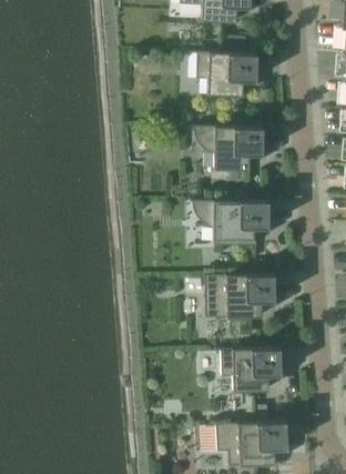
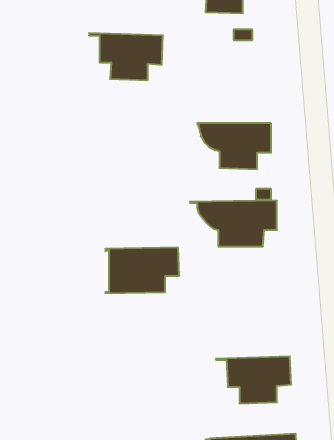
building: [187,51,257,95] -> [89,33,163,80]
building: [205,274,275,317] -> [105,248,179,293]

